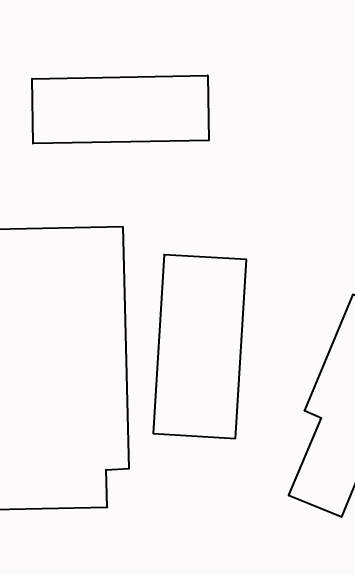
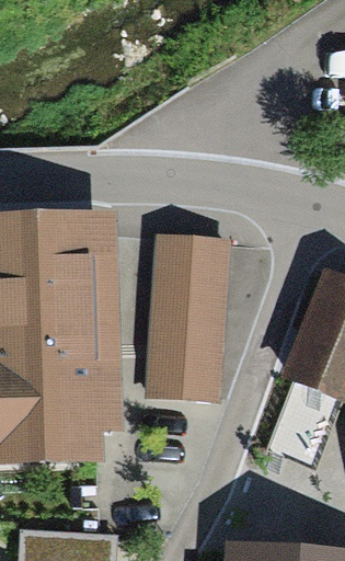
building: [32,75,209,144] -> none

